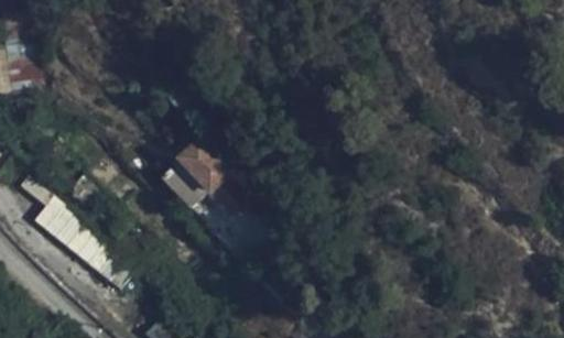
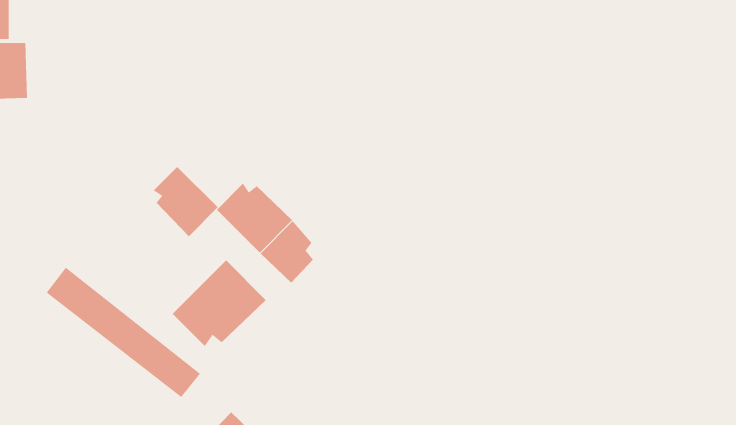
building: none -> [153,166,218,237]
building: none -> [172,260,267,347]

